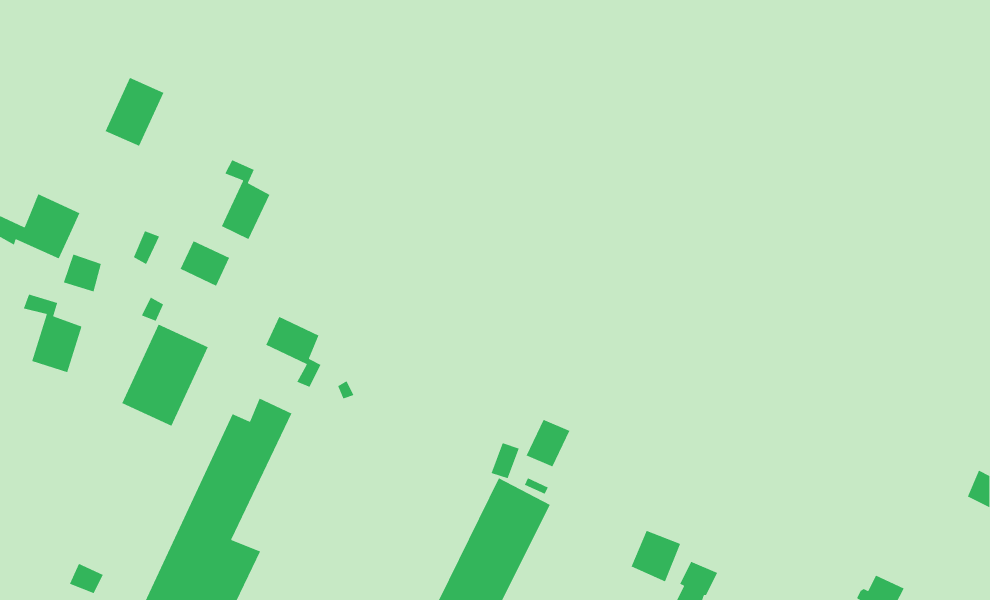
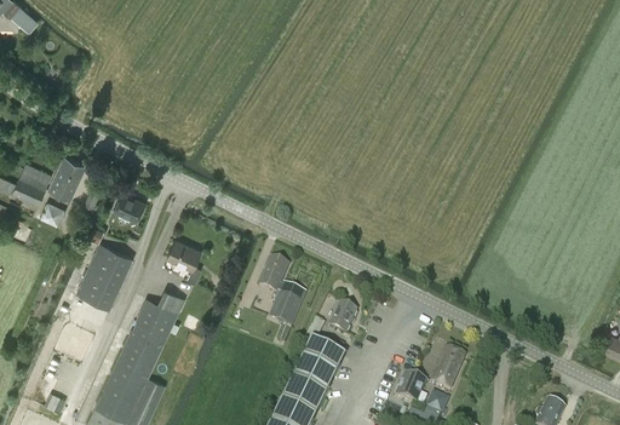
building: [104,77,165,147] -> [47,155,85,199]
building: [221,159,270,240] -> none
building: [23,294,82,373] -> none
building: none -> [258,257,305,341]
building: none -> [430,346,464,390]

